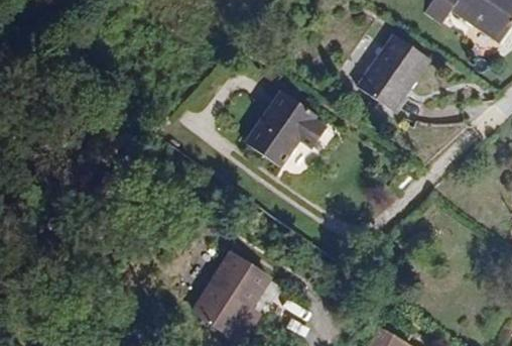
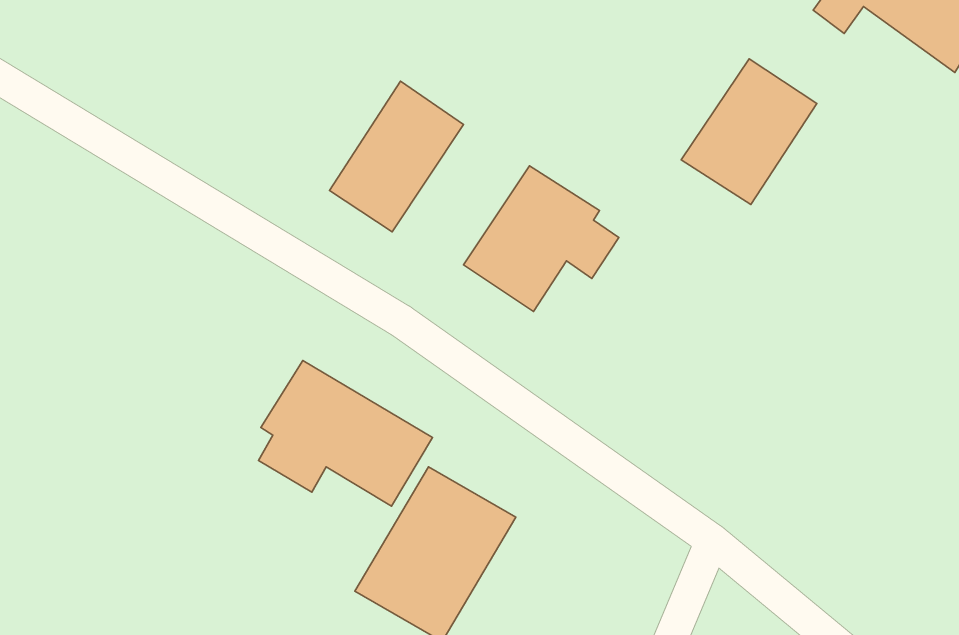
building: none -> [330,81,464,232]
building: none -> [258,361,432,506]

